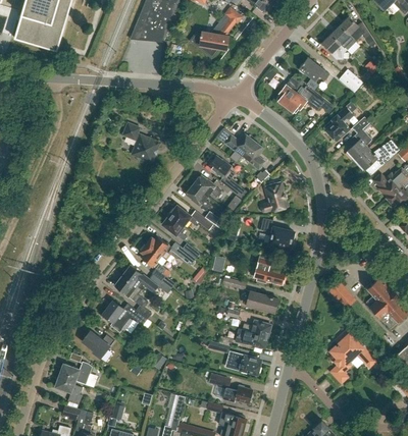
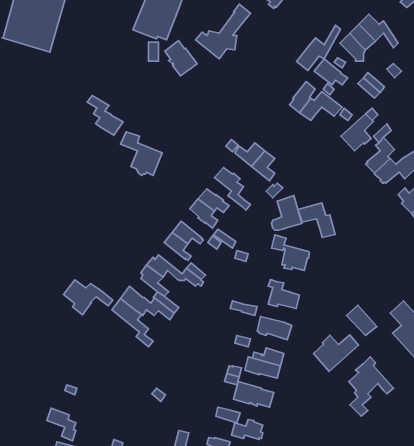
building: none -> [296,25,341,70]
building: none -> [165,41,197,76]
building: none -> [87,95,123,135]
building: none -> [298,203,335,237]
building: [103,301,148,332] -> [64,280,113,315]
building: none -> [313,335,358,372]
building: [83,331,114,359] -> none
building: [59,362,92,384] -> none

